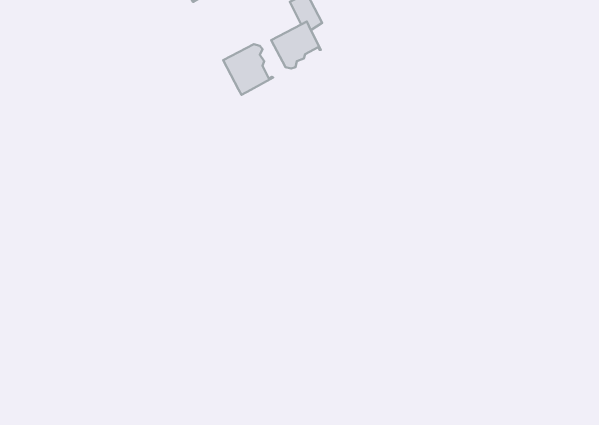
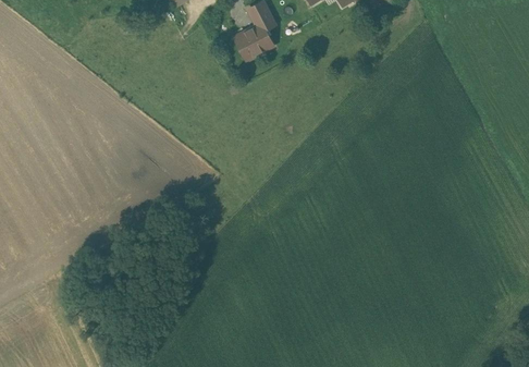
building: [223,44,273,95] -> none

